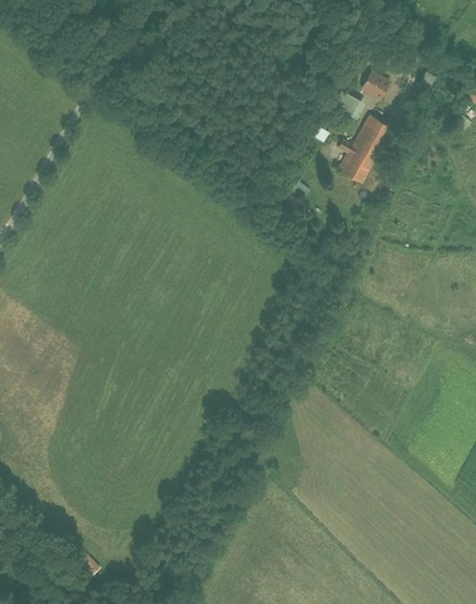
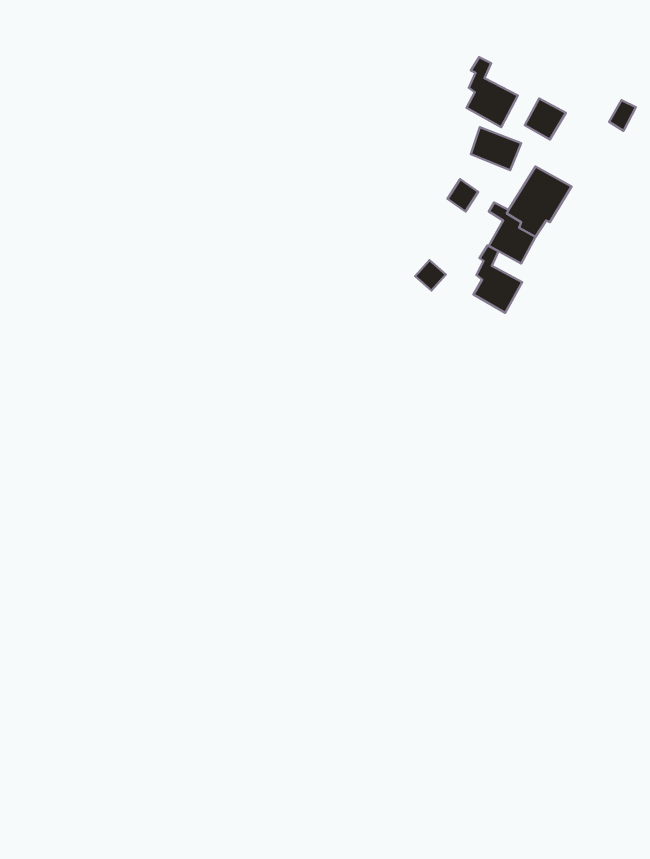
building: none -> [466,57,518,127]
building: none -> [474,245,522,313]

